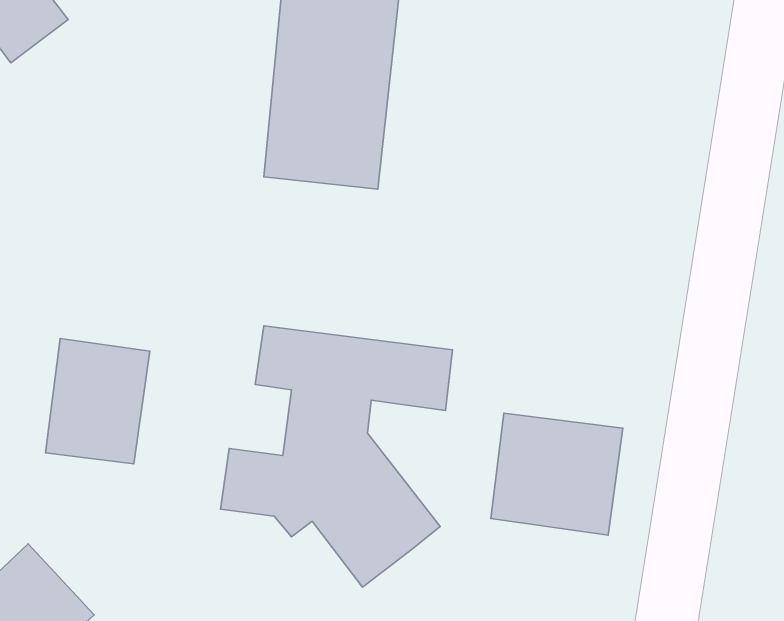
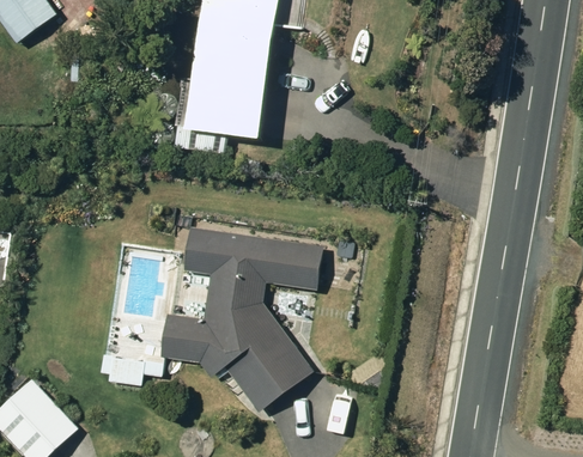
building: [45,339,150,464] -> none
building: [491,413,623,535] -> none

